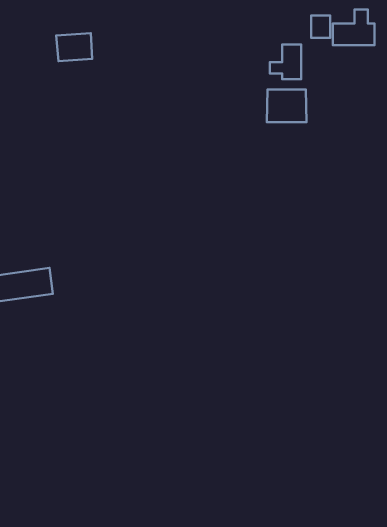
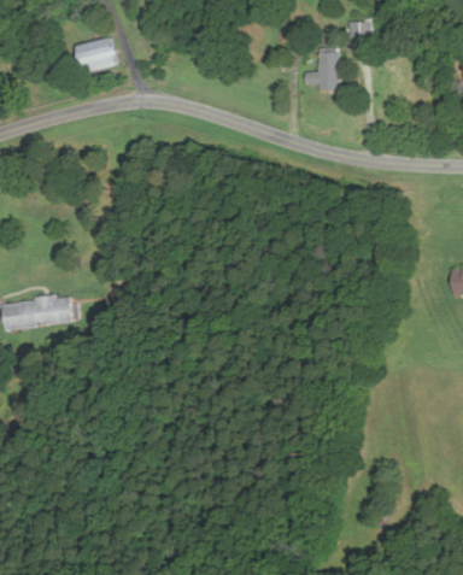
building: [333,10,374,45] -> none
building: [267,89,306,122] -> none

